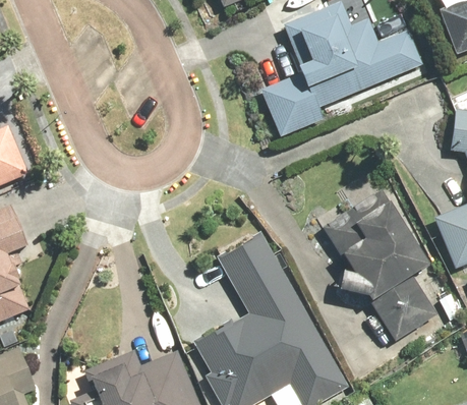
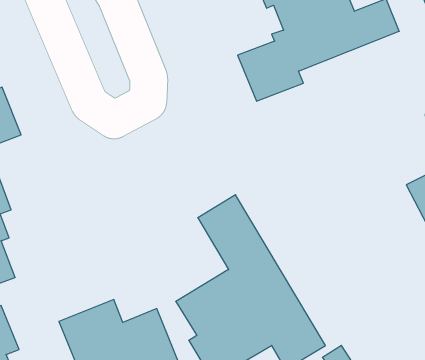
building: [327,192,440,342] -> none

